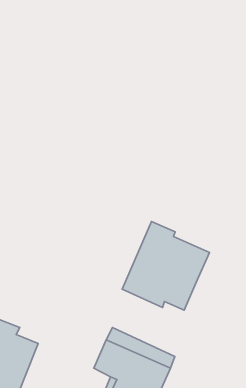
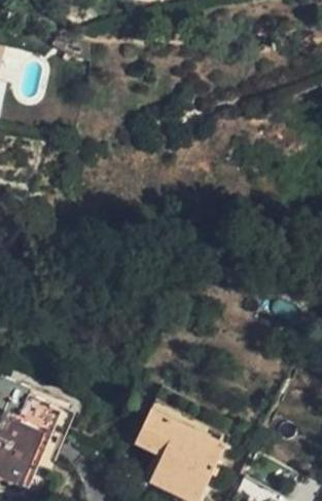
building: [122,221,209,310] -> none

